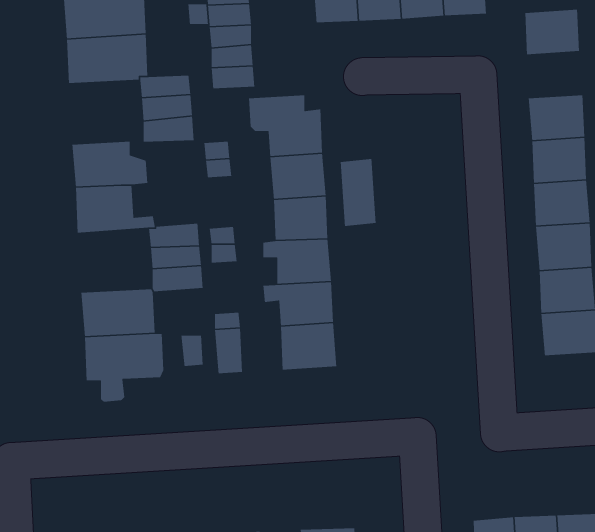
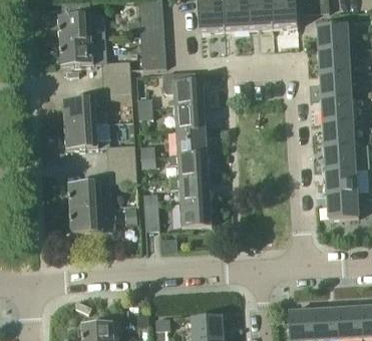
building: none -> [319,48,351,74]
building: [340,158,377,227] -> none

